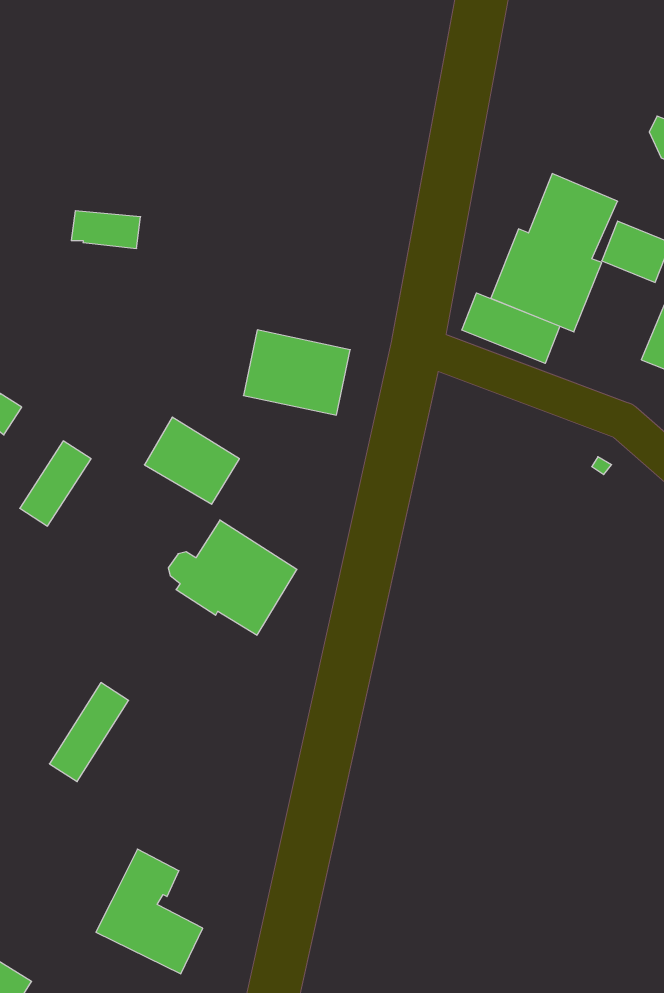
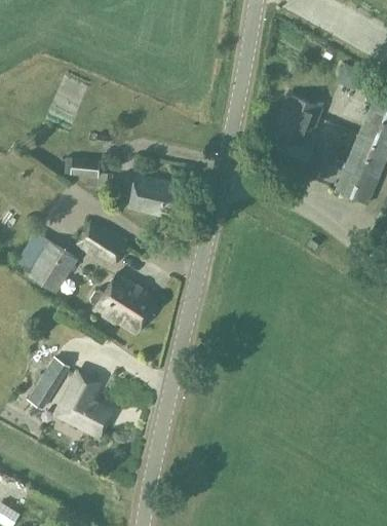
building: [71,211,141,248] -> [66,159,102,179]
building: [462,293,560,363] -> none
building: none -> [28,242,78,295]
building: [96,849,203,974] -> [56,372,112,437]

